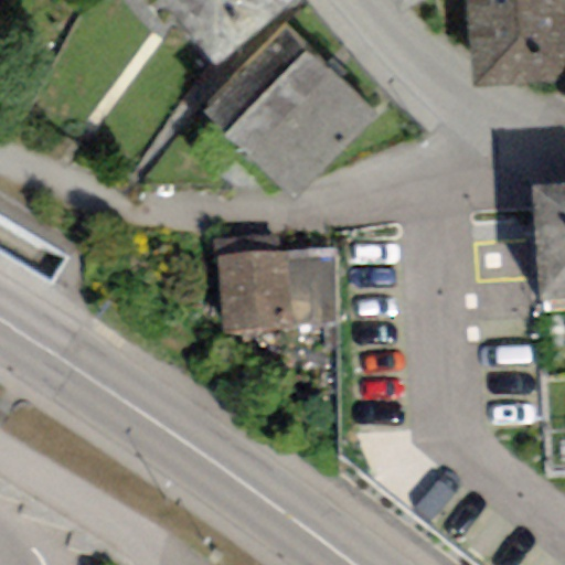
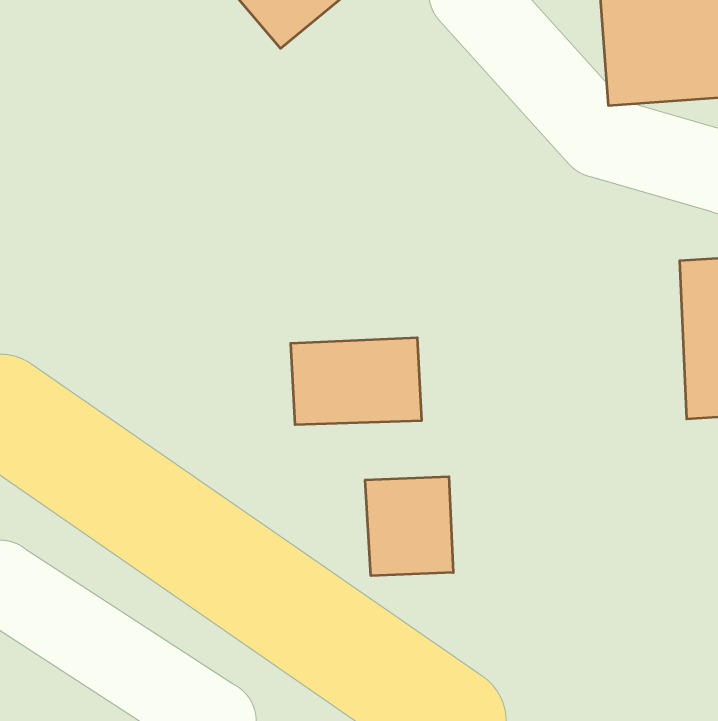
building: [220,28,367,174] -> none
building: none -> [365,477,453,576]

